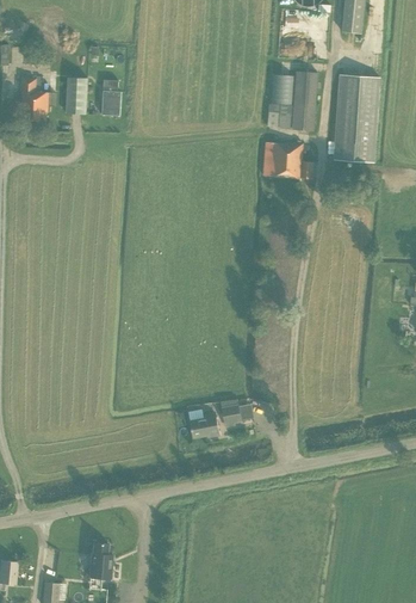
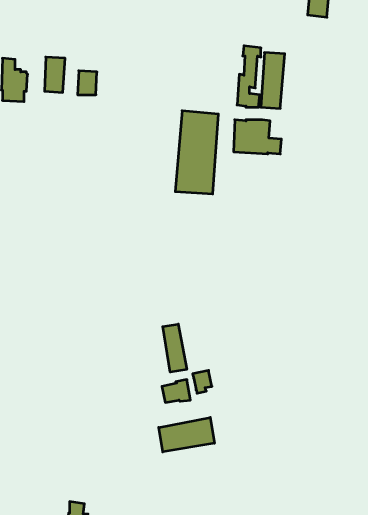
building: [333,73,378,160] -> [175,111,218,194]
building: none -> [163,324,187,372]
building: none -> [159,417,214,452]

